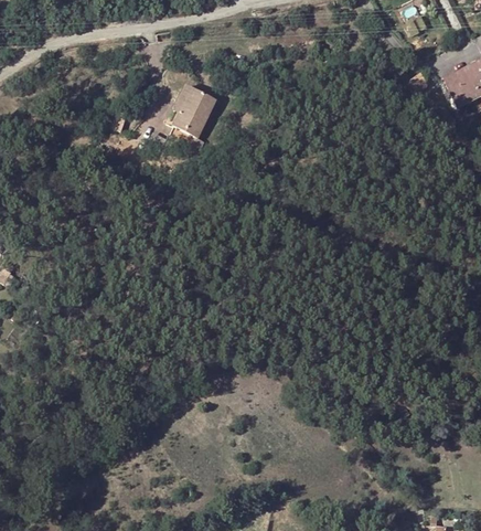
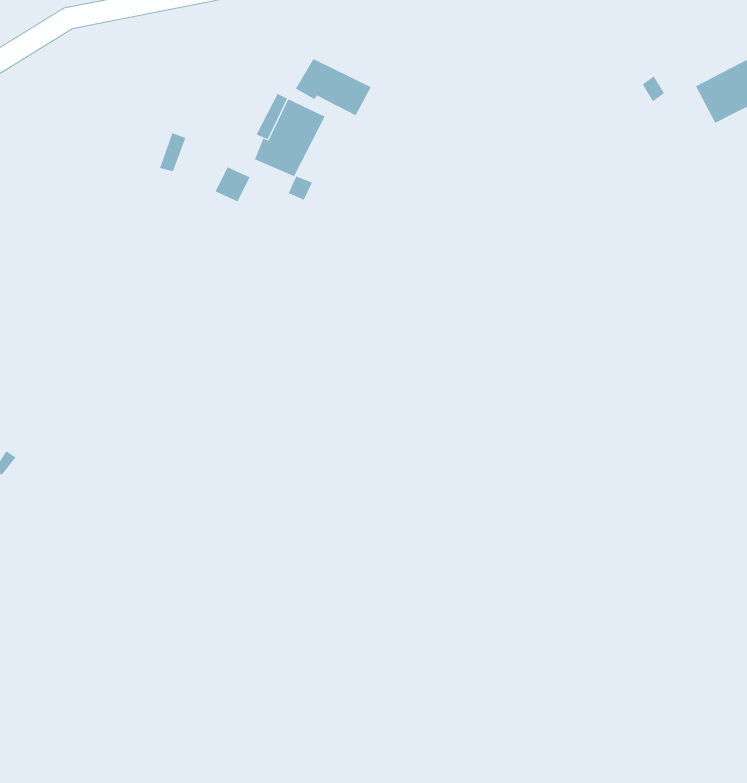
building: none -> [295,58,371,116]

